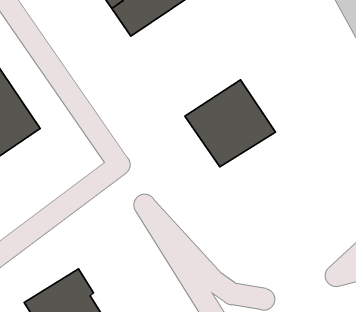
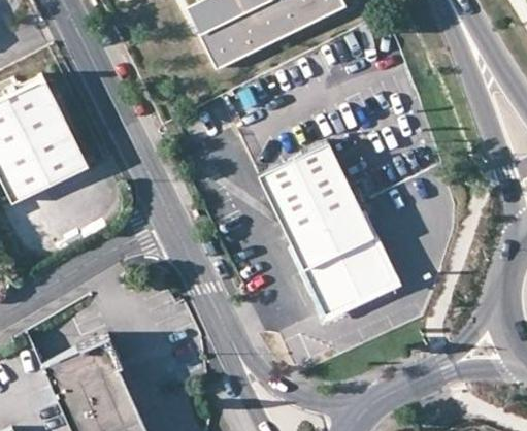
building: none -> [290,209,395,318]

